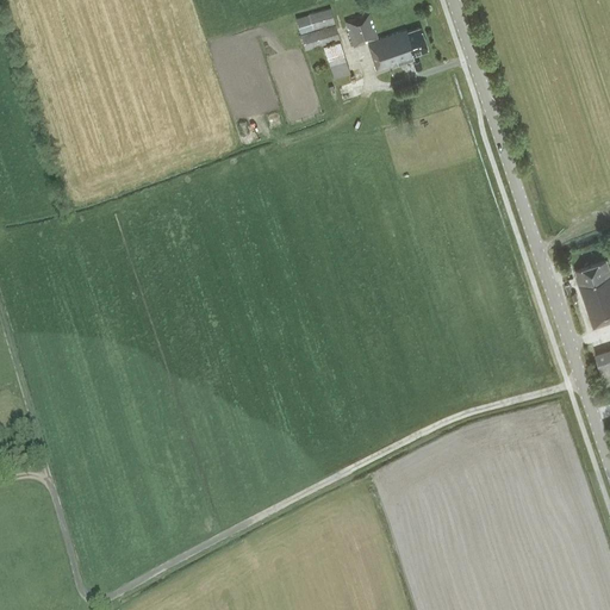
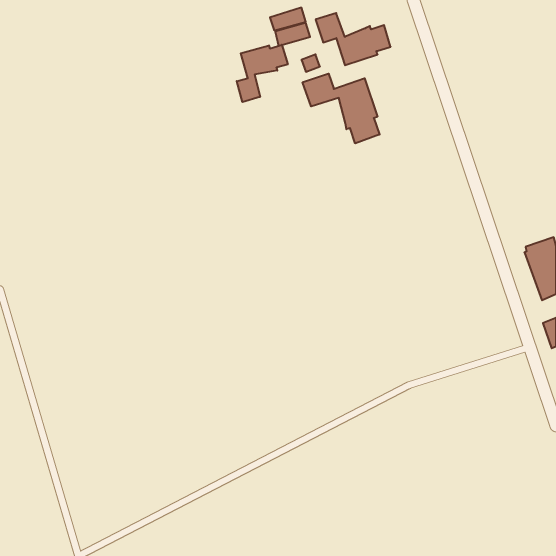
building: none -> [237,45,288,102]
building: none -> [303,74,380,143]

